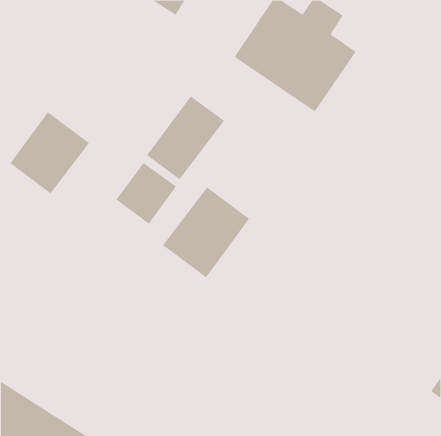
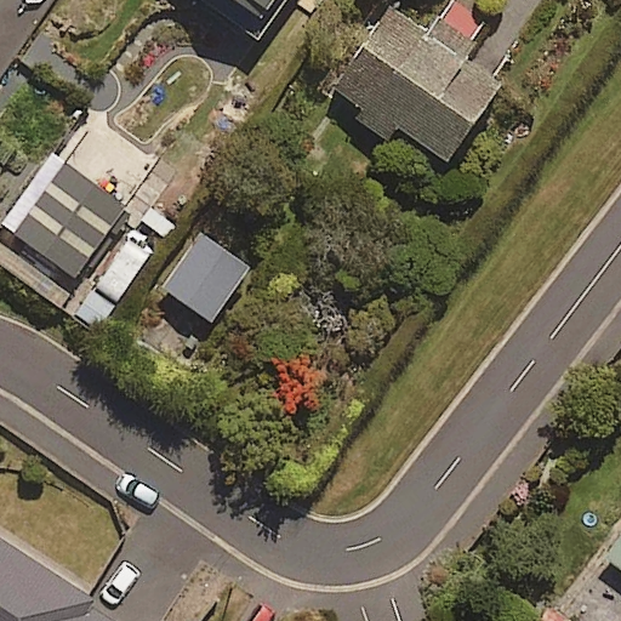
building: [146,95,225,180] -> none
building: [162,186,250,278] -> none

